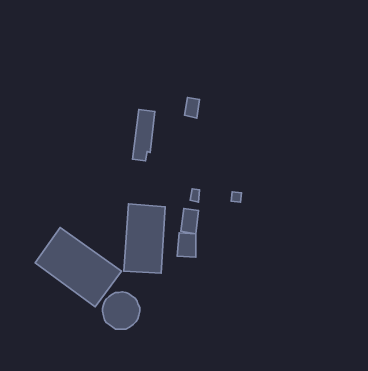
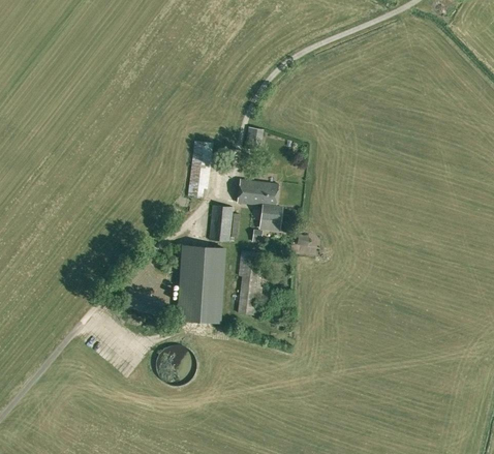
building: none -> [237,179,282,229]
building: none -> [209,206,234,242]
building: [35,227,122,307] -> none

